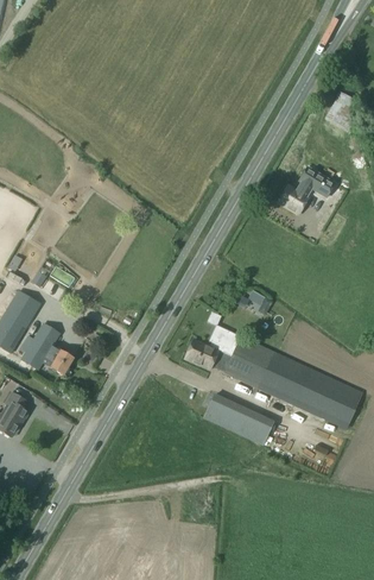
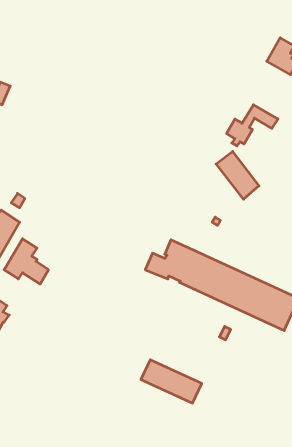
building: none -> [216,151,259,199]
building: [203,395,273,445] -> [141,360,202,403]

